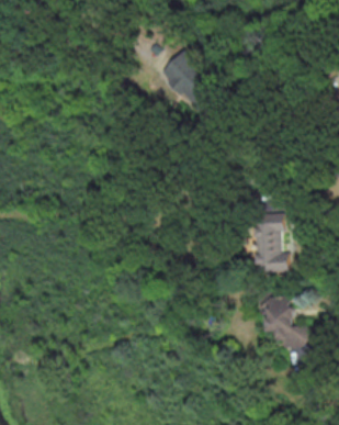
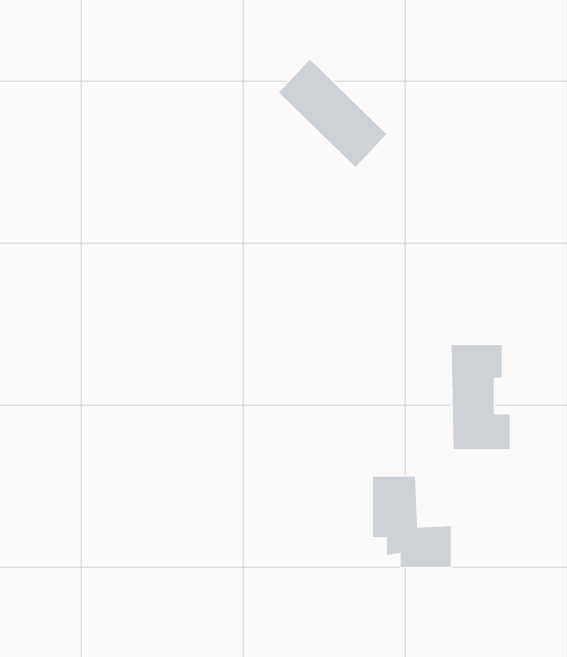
building: [265,297,309,347] -> [372,476,452,567]

